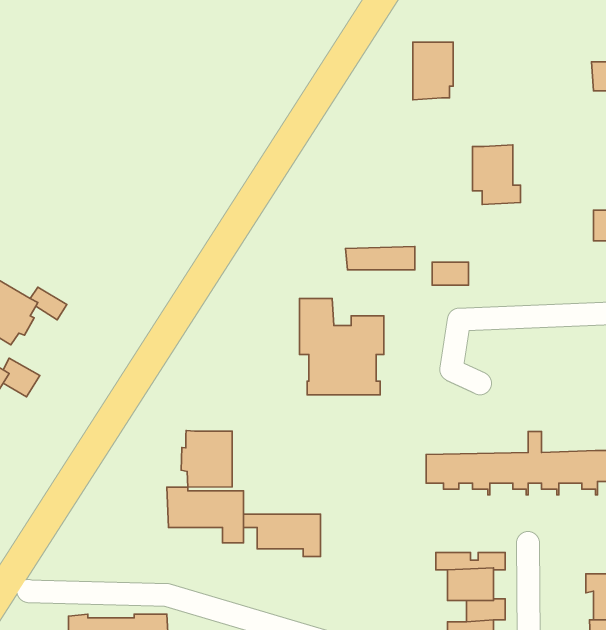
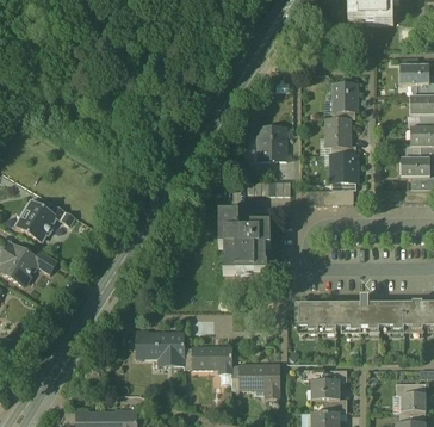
building: [413,42,453,100] -> [333,82,358,118]
building: none -> [258,126,286,160]
building: none -> [329,153,358,190]
building: [181,430,232,487] -> none
building: none -> [238,363,279,397]

